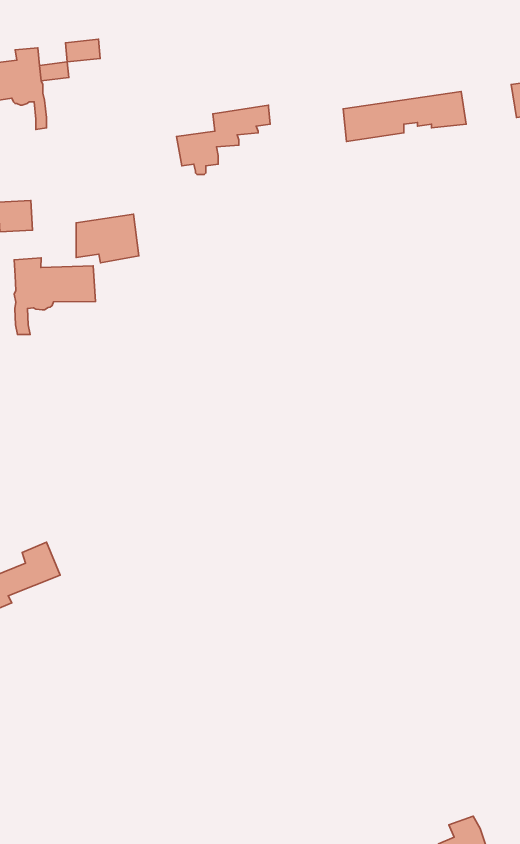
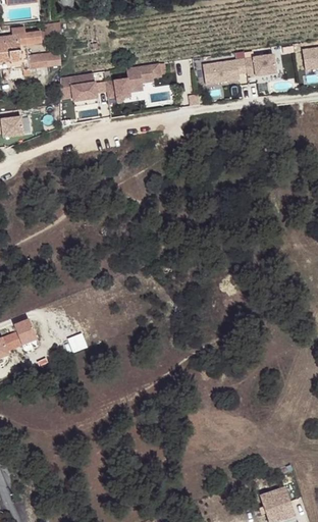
building: none -> [28,51,61,69]
building: [76,214,139,263] -> [60,72,97,101]
building: [14,258,95,334] -> none

